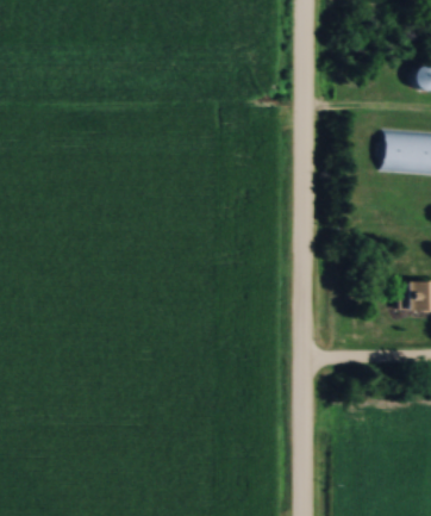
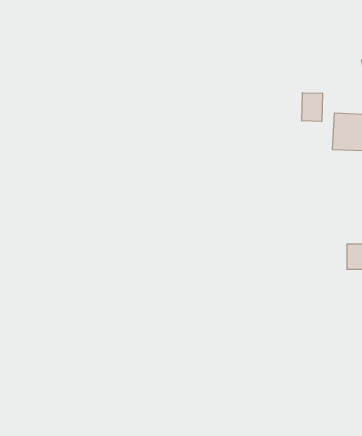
building: none -> [302,93,323,122]

